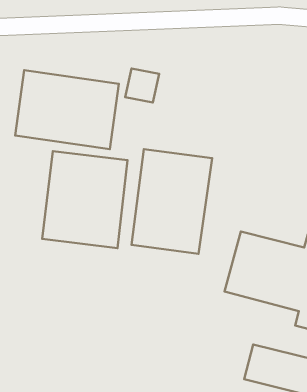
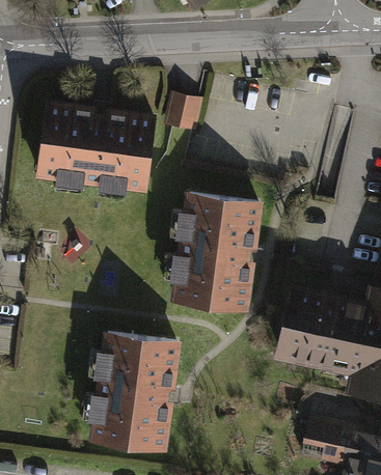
building: [42,151,128,248] -> none
building: none -> [87,332,179,450]

